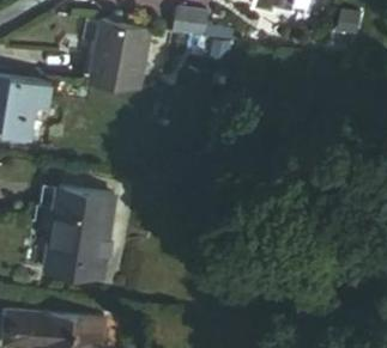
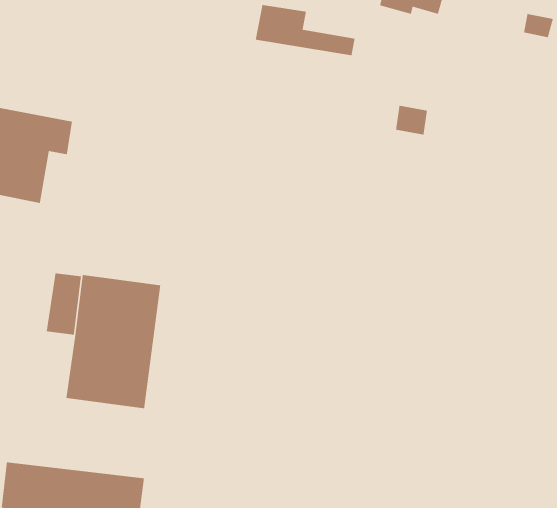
building: [93,18,150,88] -> none

